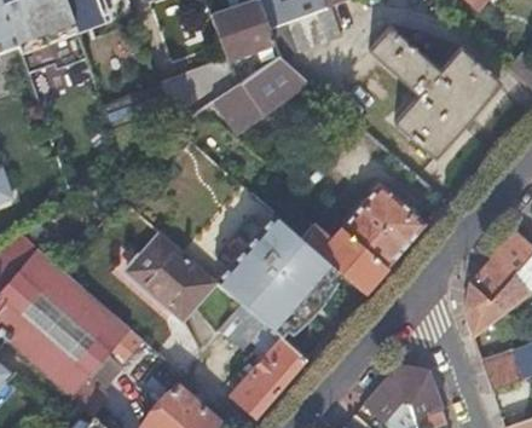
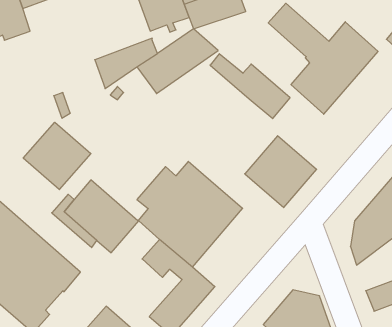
building: none -> [23,122,91,190]
building: [291,215,386,291] -> [210,54,290,119]

